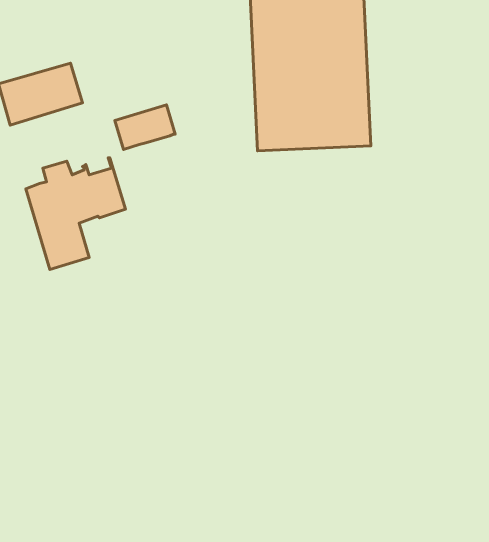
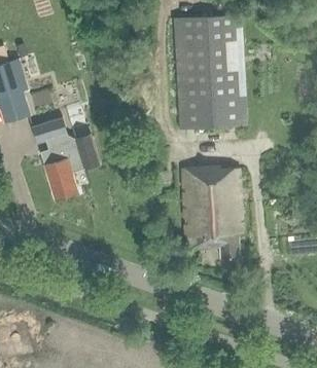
building: [115,105,175,150] -> [31,116,67,143]
building: none -> [182,165,242,257]

